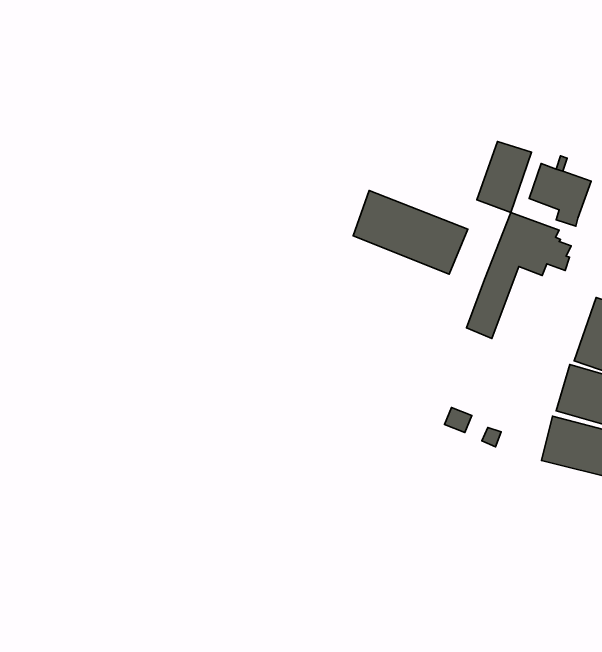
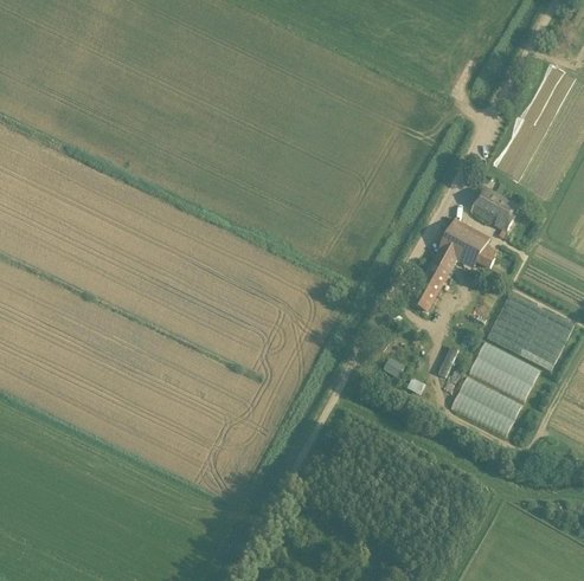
building: [477,142,531,212] -> none
building: [353,191,468,274] -> none

